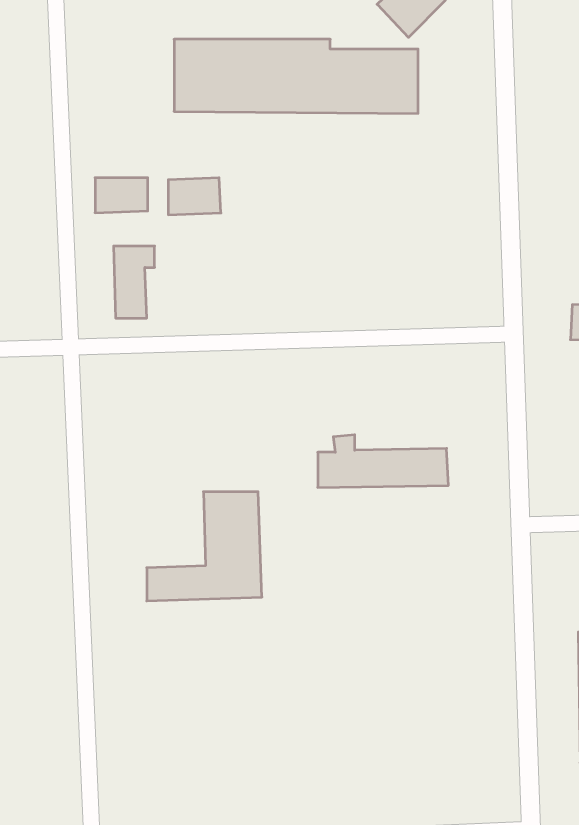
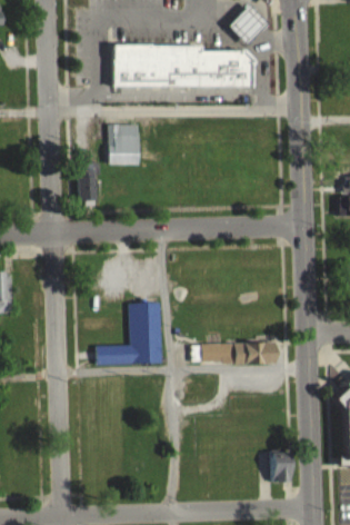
building: [95,178,148,213] -> [109,145,139,165]
building: [318,435,448,487] -> [202,334,277,364]
building: none -> [272,452,291,482]

